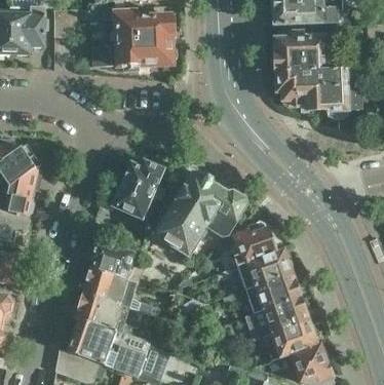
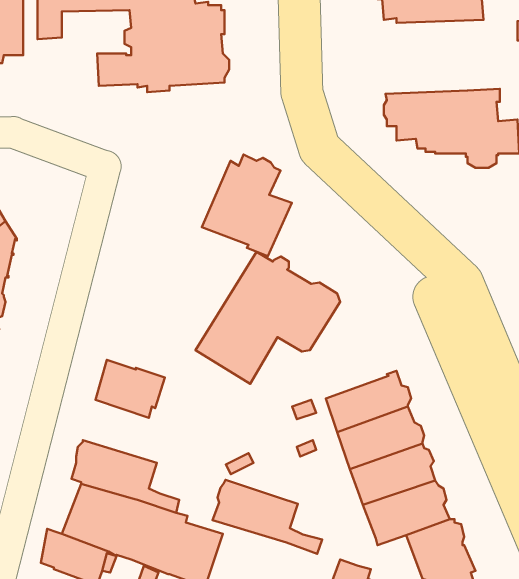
building: [271,30,338,72] -> none
building: [112,159,169,224] -> [202,154,292,256]
building: [232,221,277,266] -> none
building: [82,267,152,314] -> [213,480,322,554]

